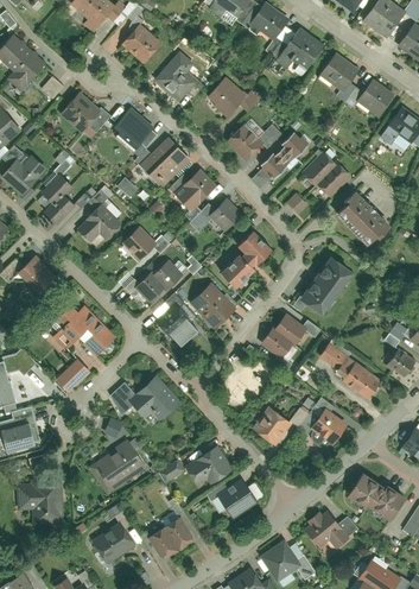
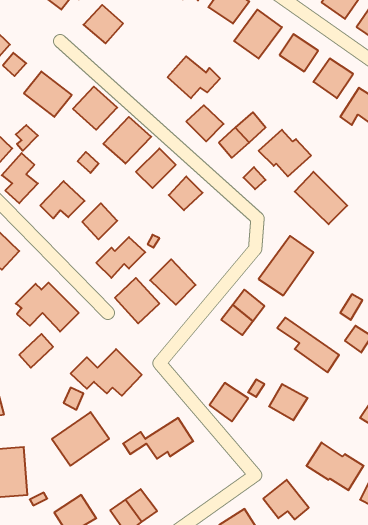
building: [153,50,204,107] -> none
building: [220,232,275,292] -> none
building: [205,477,261,520] -> none

